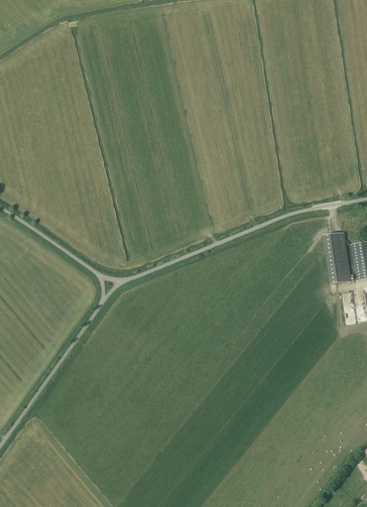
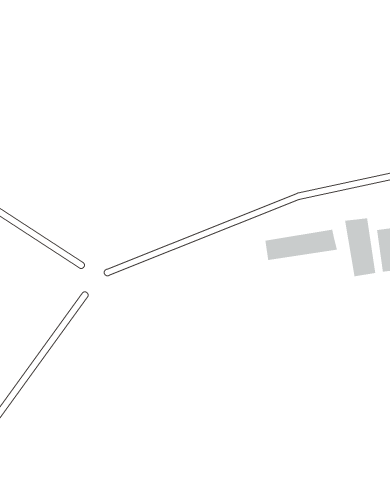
building: none -> [264,229,338,261]

